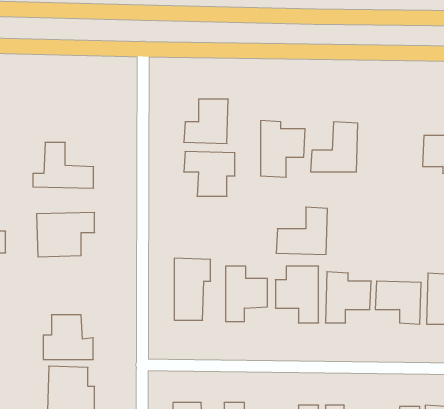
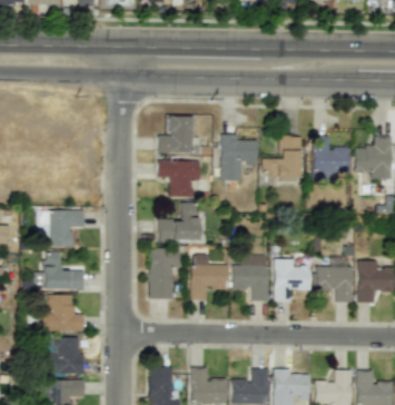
building: none -> [314,136,350,180]
building: [33,142,94,188] -> [34,251,85,289]
building: [276,207,327,254] -> [158,202,200,241]

